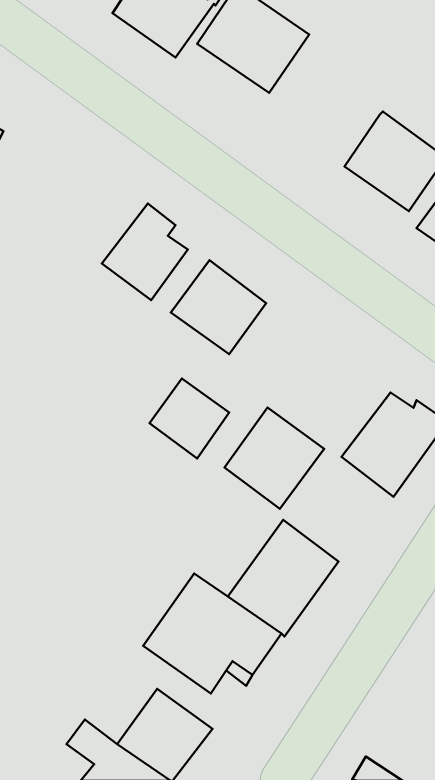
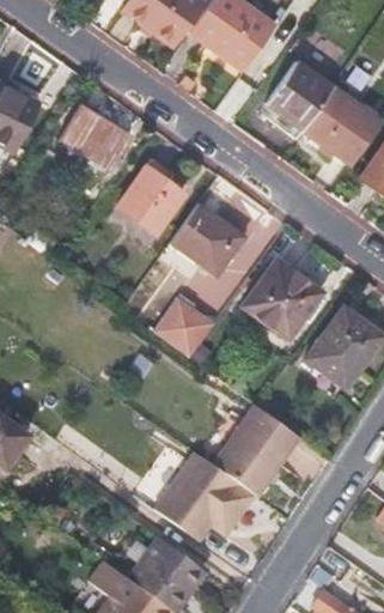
building: none -> [268,63,333,138]
building: none -> [60,109,128,171]
building: [224,407,324,509] -> [242,259,319,338]

